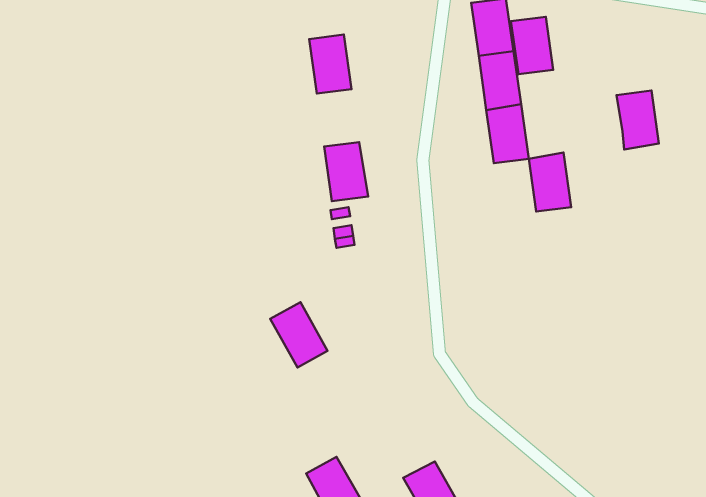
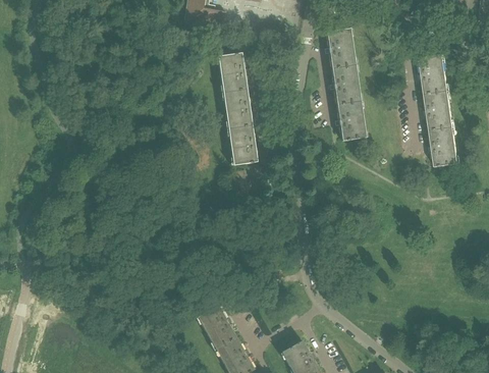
building: [511,17,553,74] -> [420,55,448,94]
building: none -> [223,90,252,128]
building: [529,153,571,212] -> [430,126,458,166]
building: [270,302,328,367] -> [198,305,236,349]

